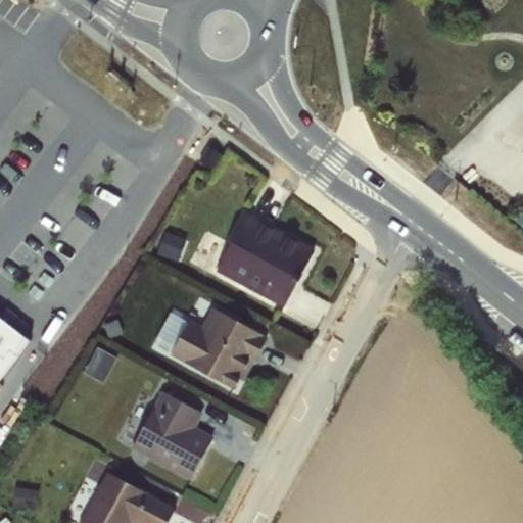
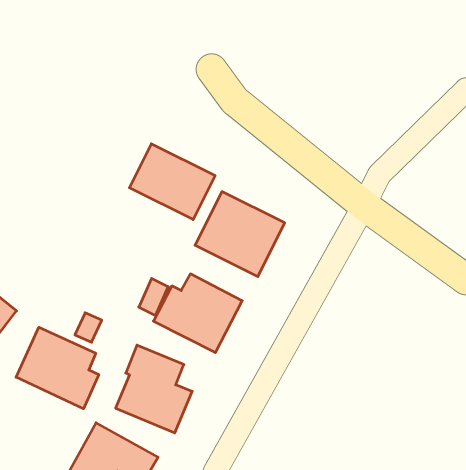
building: none -> [129,144,215,220]
building: none -> [16,327,99,409]

